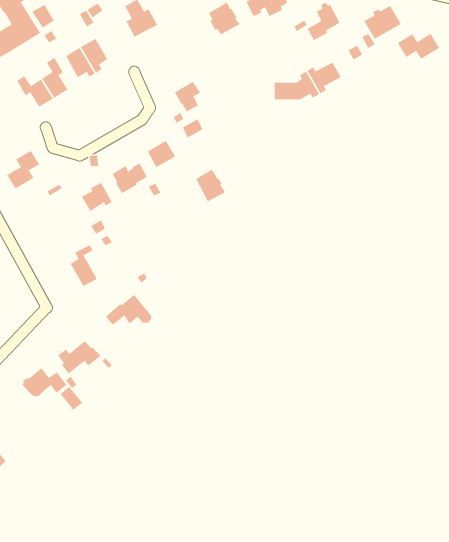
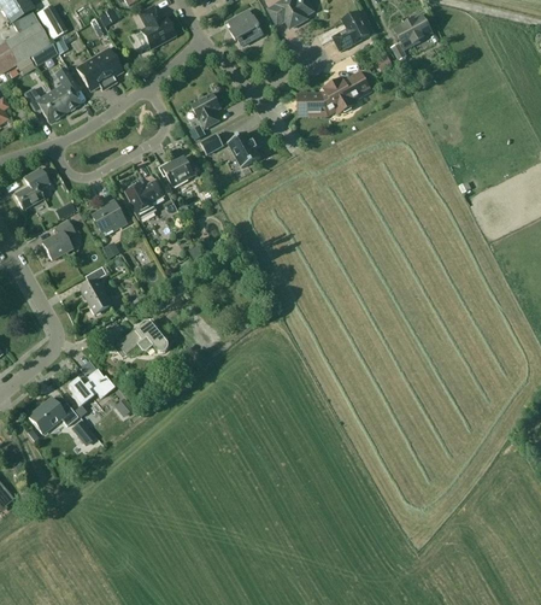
building: [397,33,440,60] -> none
building: [195,169,226,203] -> [228,130,260,166]
building: none -> [41,219,73,259]

